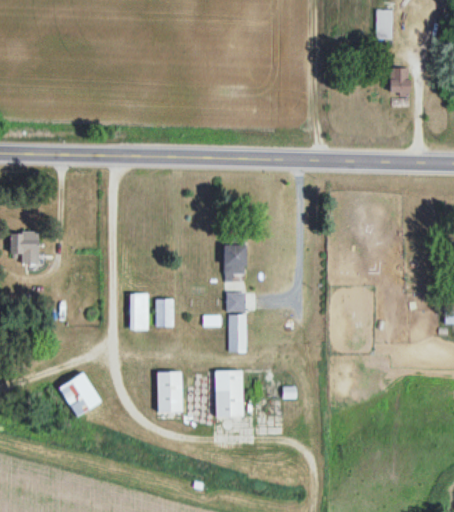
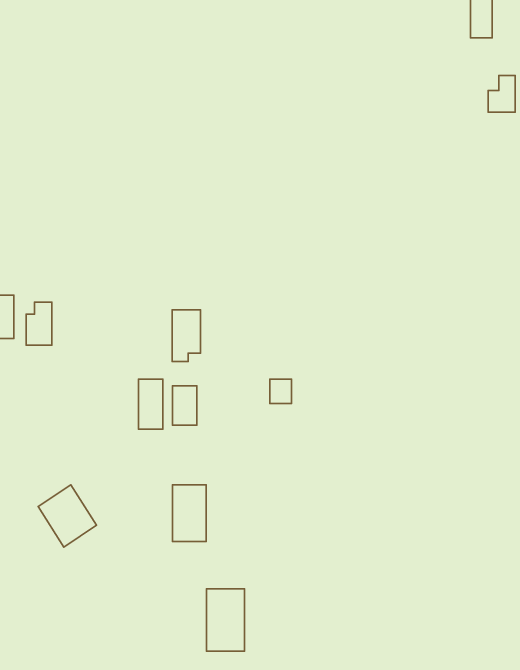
building: none -> [26,302,52,345]
building: [223,243,244,281] -> [172,310,201,361]
building: [230,314,247,352] -> none
building: [214,370,242,416] -> [206,589,244,651]

